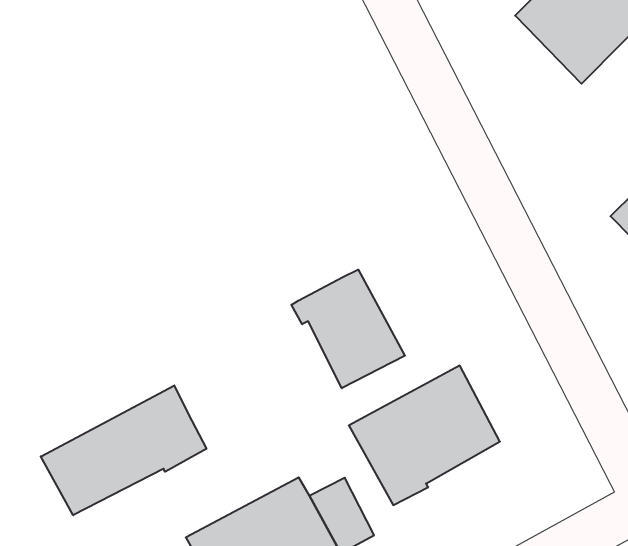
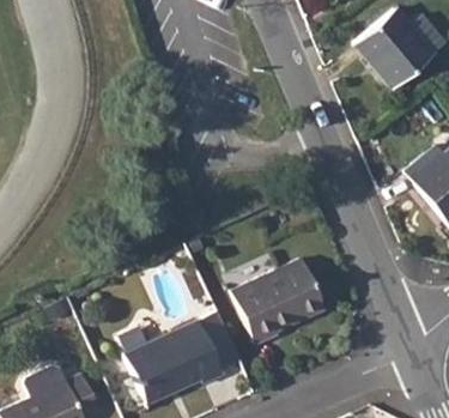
building: [291,270,405,388] -> none
building: [41,385,206,515] -> none

